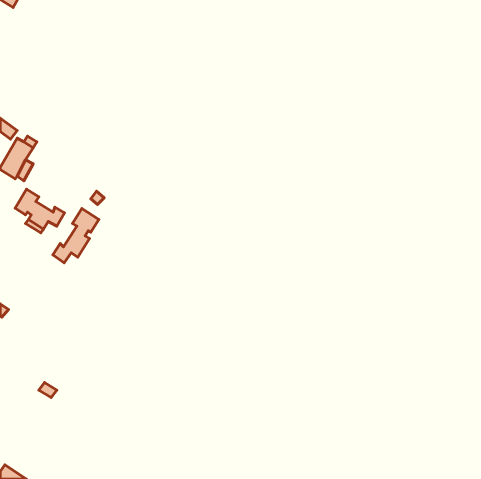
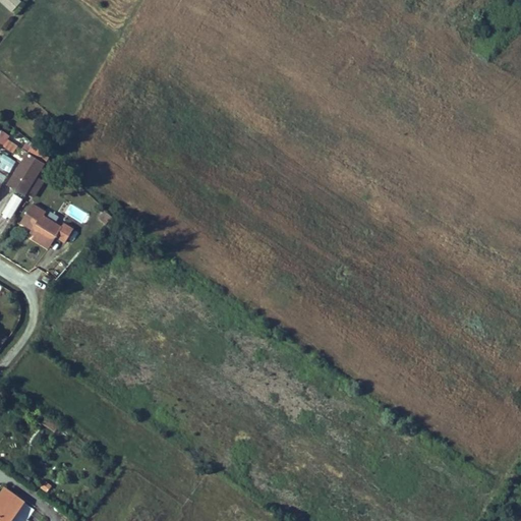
building: [53,208,99,263] -> none

